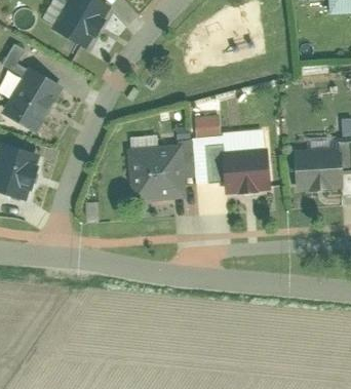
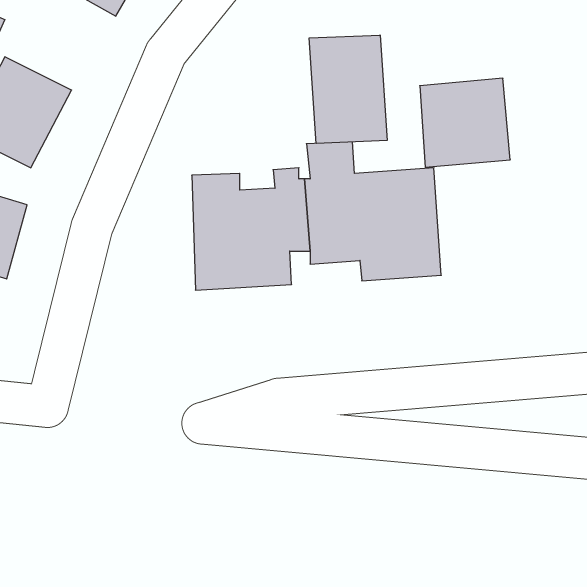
building: none -> [309,35,387,143]
building: [293,144,343,193] -> [420,78,510,167]

